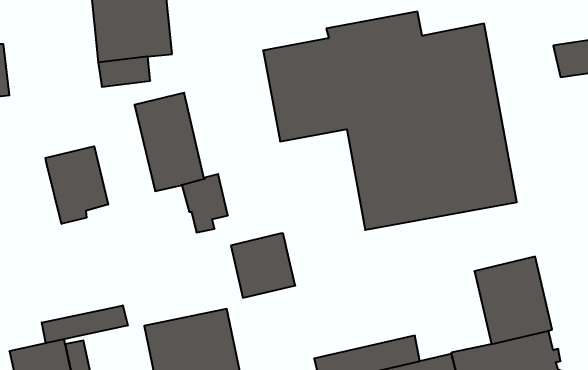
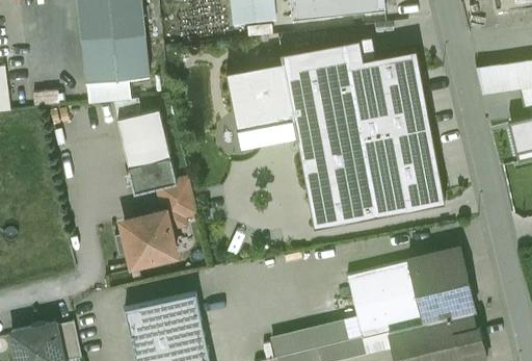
building: [45,146,108,224] -> none
building: [231,233,295,298] -> [121,212,176,267]
building: none -> [346,263,422,340]
building: [42,305,128,343] -> none

